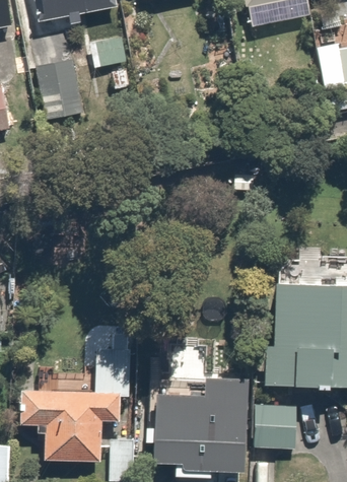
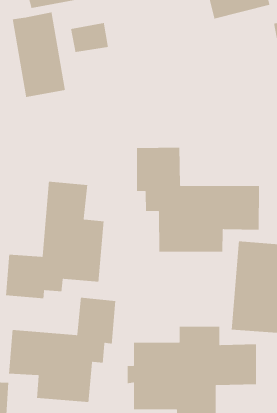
building: none -> [136,147,260,253]
building: none -> [5,181,104,299]

